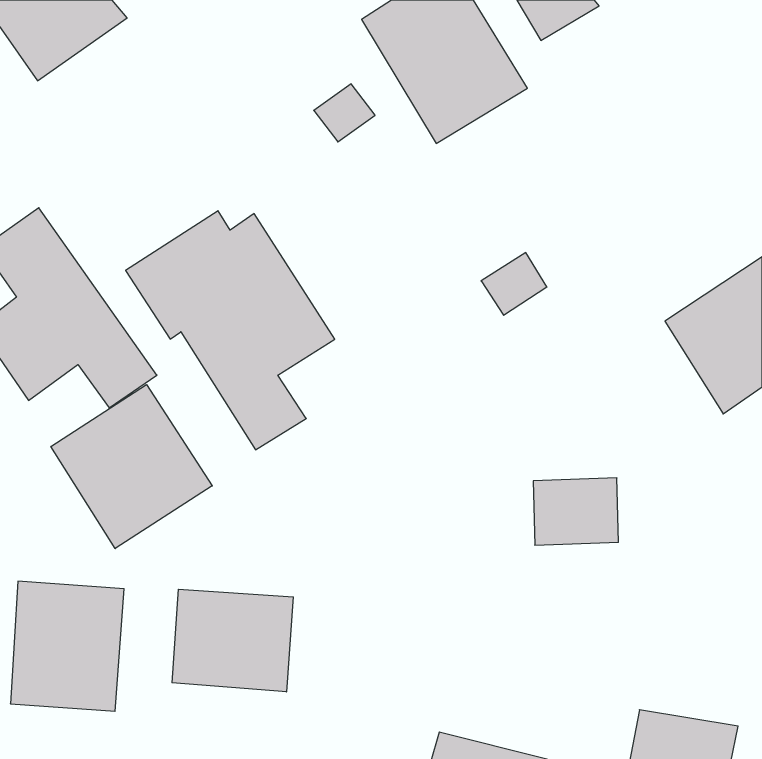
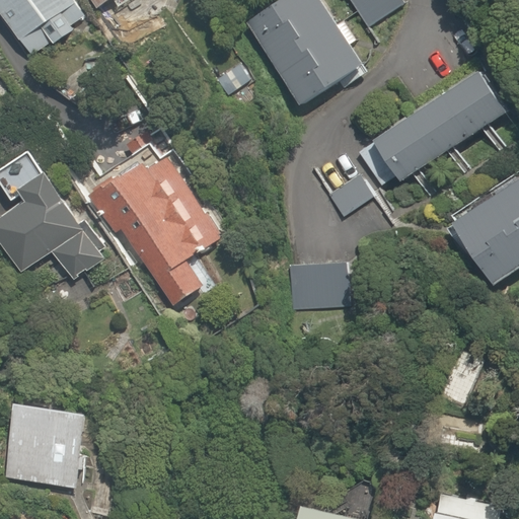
building: none -> [359,68,507,189]
building: [51,385,212,549] -> none
building: [533,478,618,545] -> [289,266,347,311]
building: [172,589,293,692] -> none

